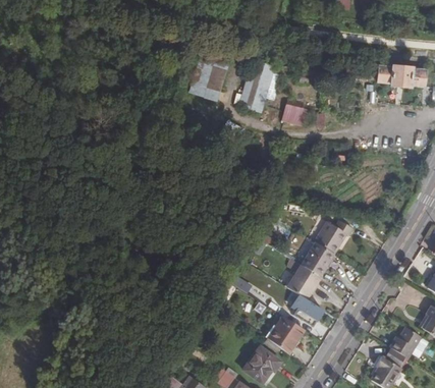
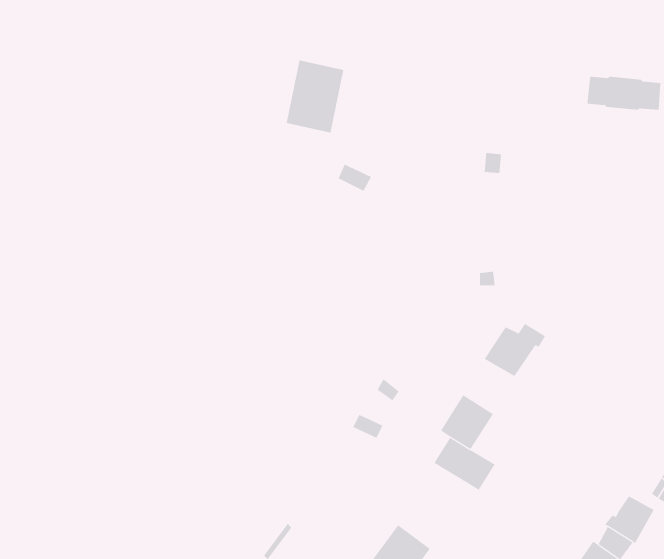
building: [239,61,274,112] -> none
building: [281,103,305,125] -> none
building: [301,242,333,277] -> none
building: [271,316,304,353] -> none

